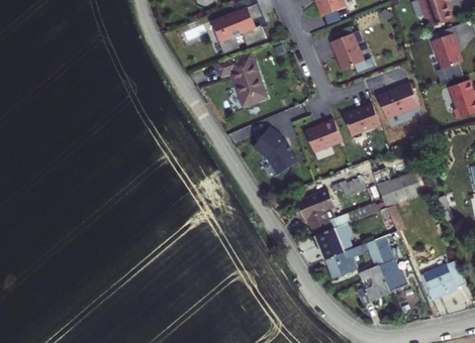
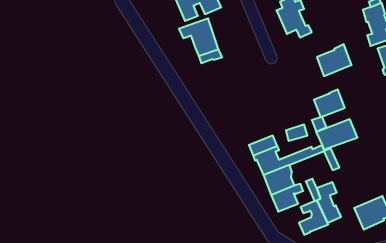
building: [344,104,380,136] -> [314,90,345,117]
building: [306,119,343,153] -> none
building: [255,127,298,175] -> none

